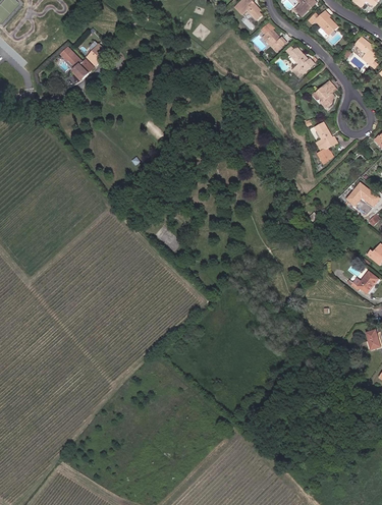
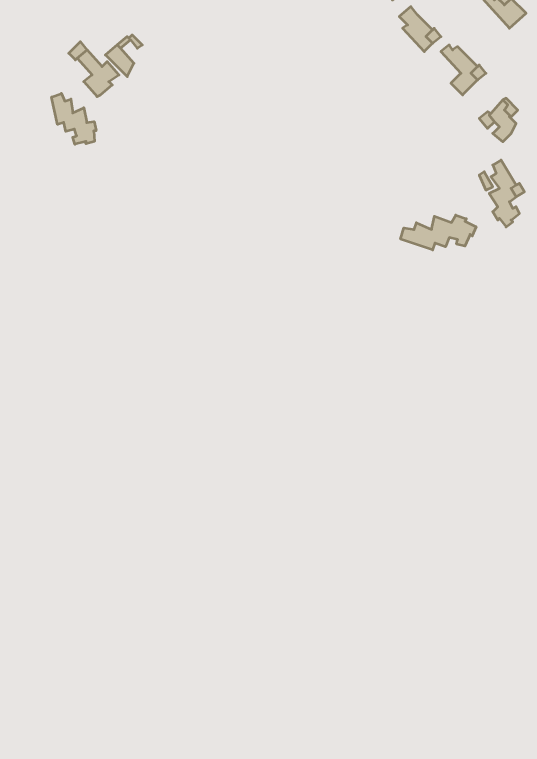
building: none -> [52,93,96,144]
building: none -> [401,215,476,250]

